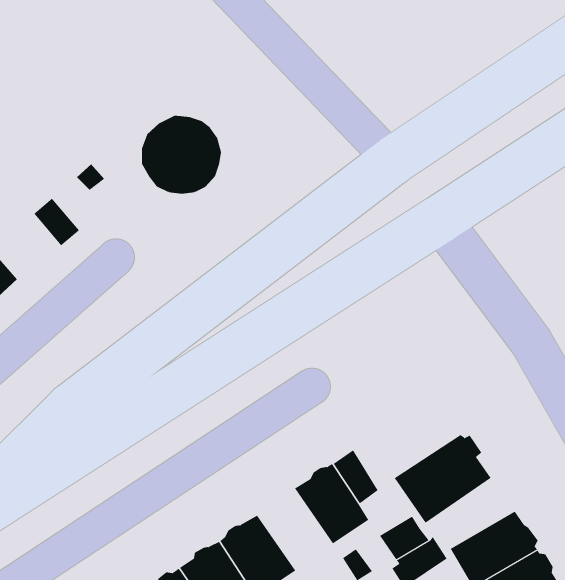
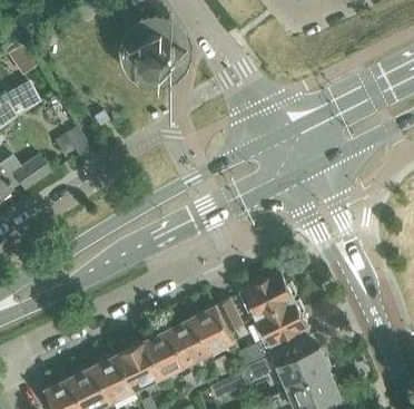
building: [141,115,222,194] -> [131,28,179,75]
building: none -> [238,271,296,319]
building: none -> [169,317,210,364]

